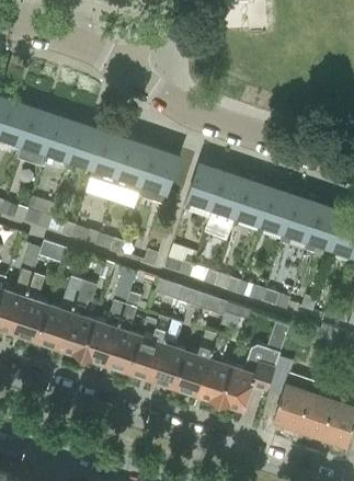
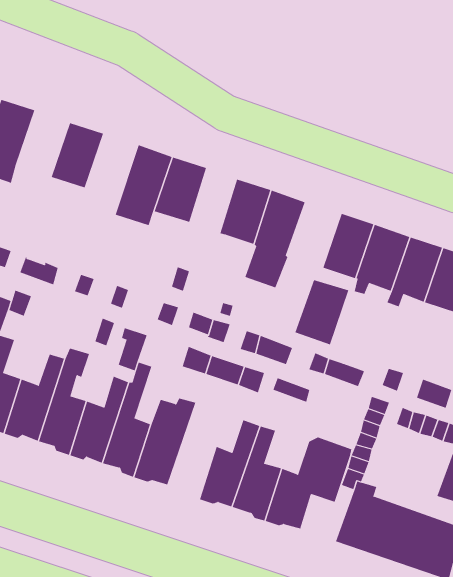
building: [45,116,82,163] -> none
building: [90,133,130,190] -> none
building: [235,181,273,227] -> [295,279,349,345]
building: [151,321,185,389] -> none

